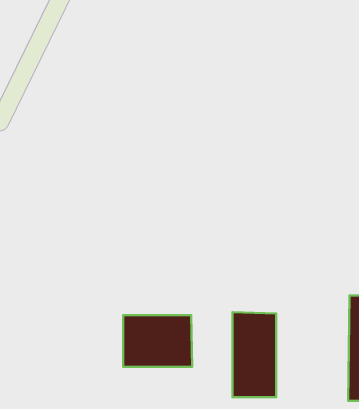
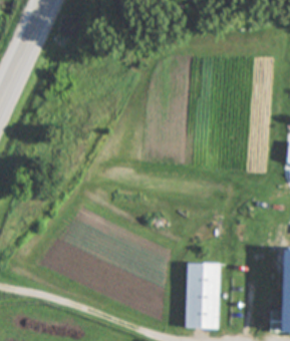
building: [123,315,192,367] -> none

